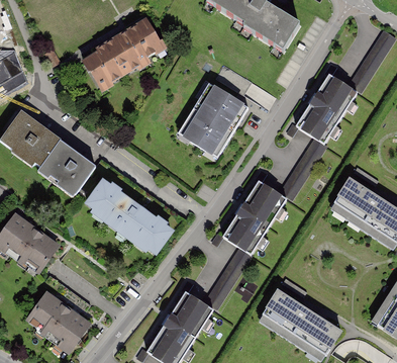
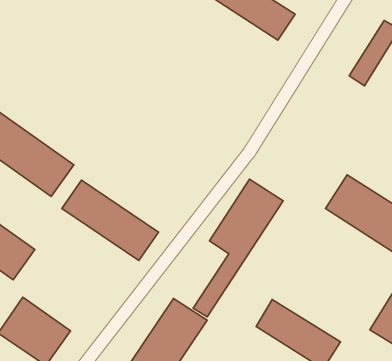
building: [83,19,167,91] -> none
building: [281,75,363,199] -> none
building: [182,81,250,156] -> none

